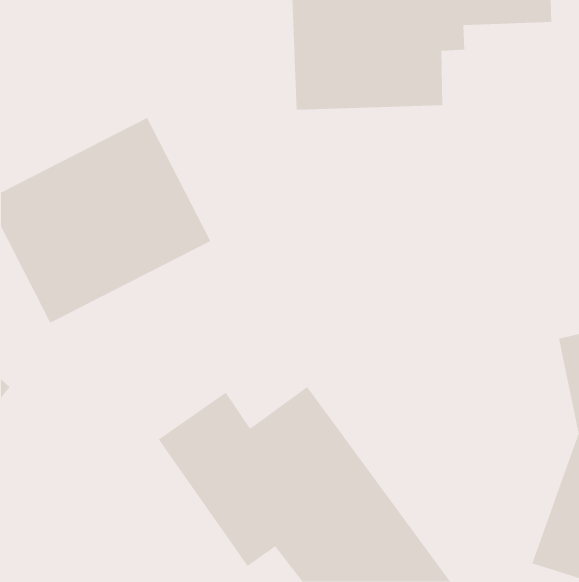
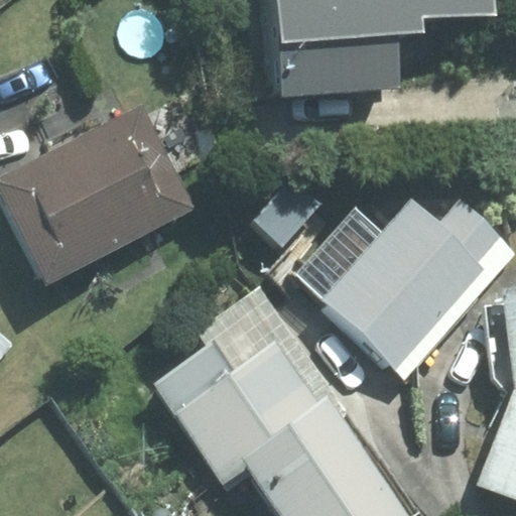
building: none -> [321,195,509,367]

